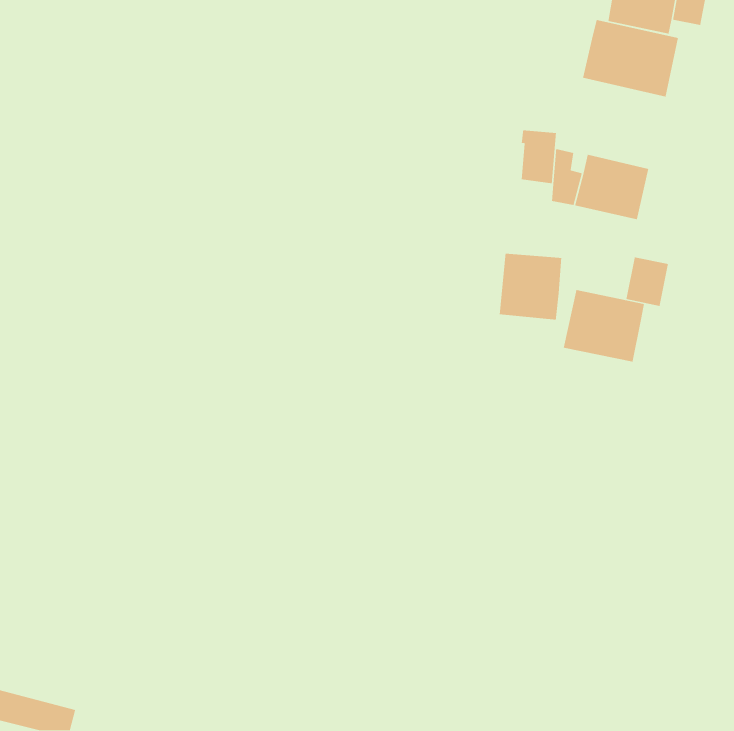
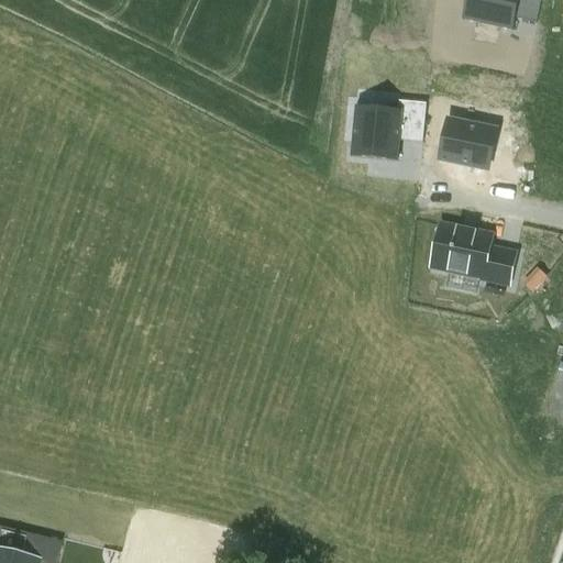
building: [582,19,679,97] -> none
building: [499,253,562,320] -> [352,107,400,158]
building: [625,256,669,307] -> [484,244,517,283]

